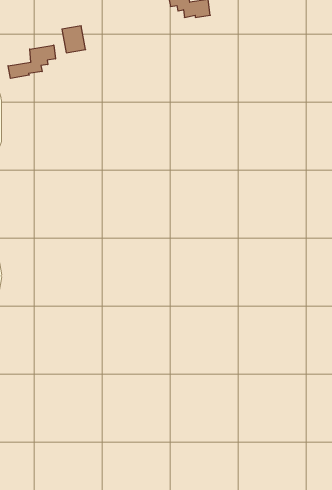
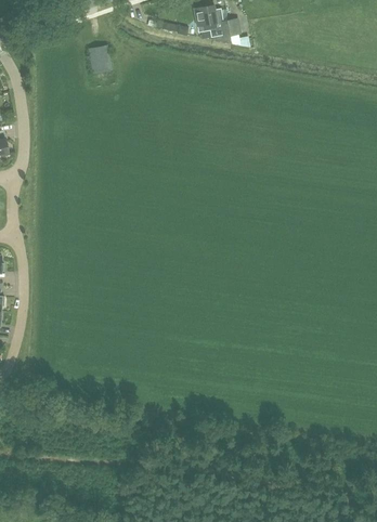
building: [8,45,55,78] -> none

